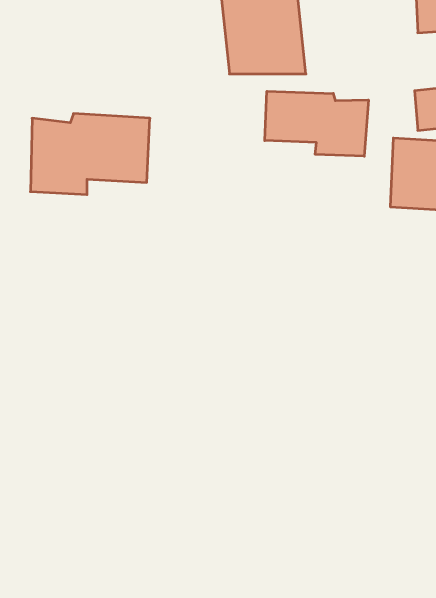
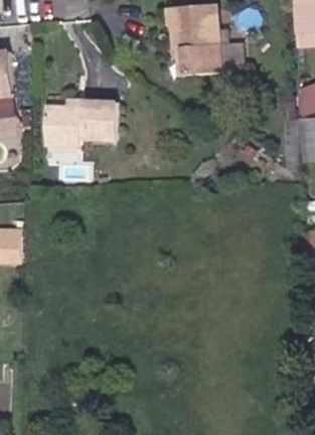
building: [265,91,368,156] -> none

